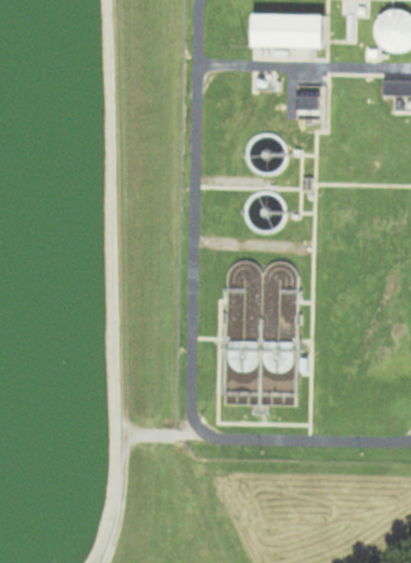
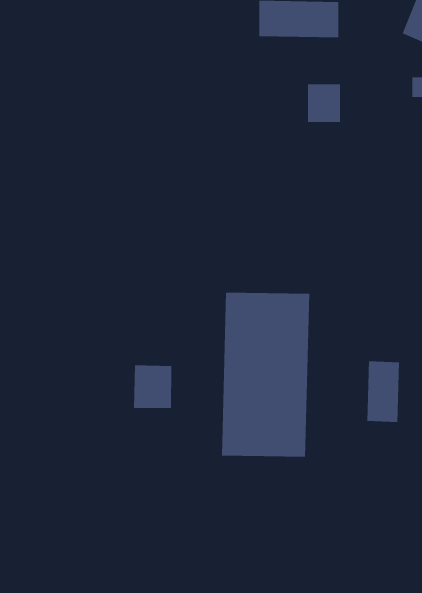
building: none -> [367,361,400,423]
building: none -> [133,365,172,409]

